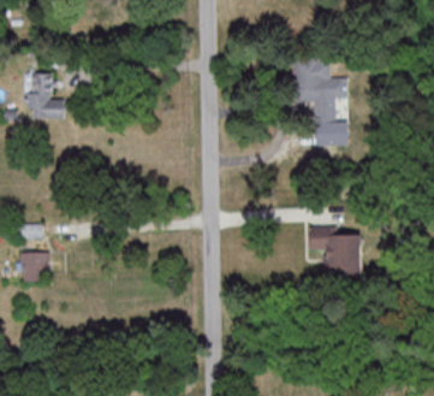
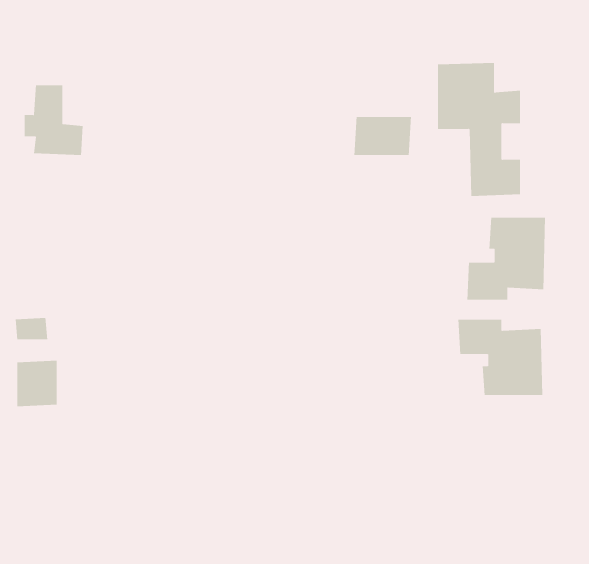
building: none -> [354,116,411,156]
building: none -> [467,217,546,300]

